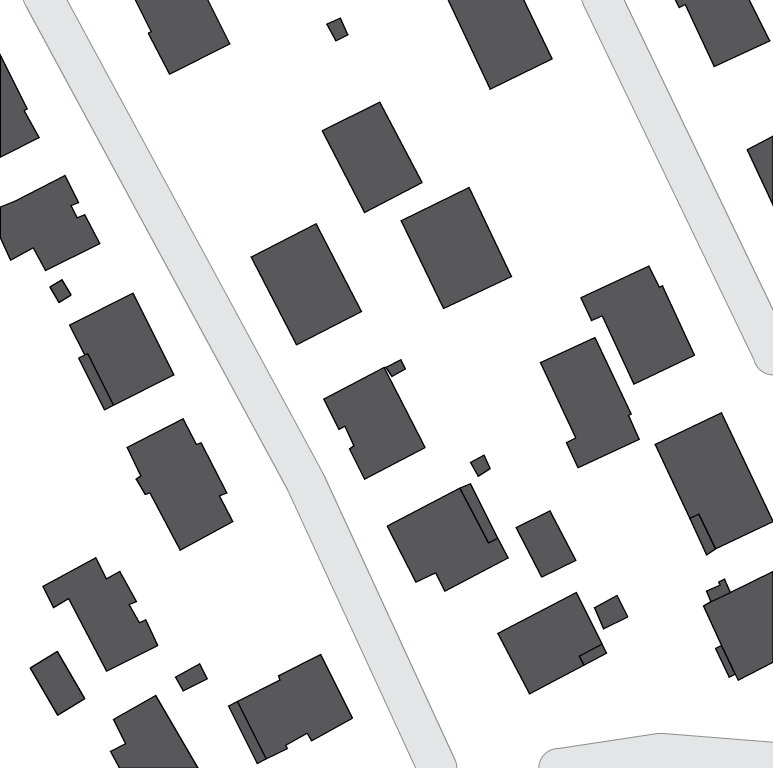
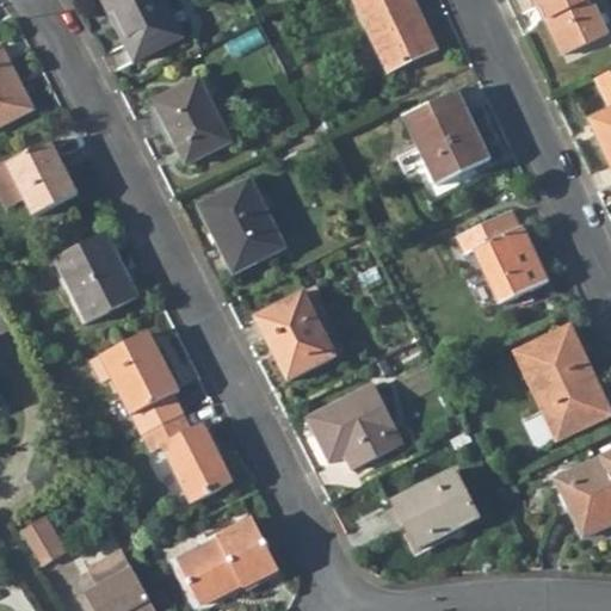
building: [322,102,422,213] -> [152,76,230,163]
building: [401,187,512,308] -> [403,90,490,185]
building: [541,338,639,468] -> none
building: [516,511,576,577] -> none
building: [43,558,158,671] -> [142,412,233,501]

